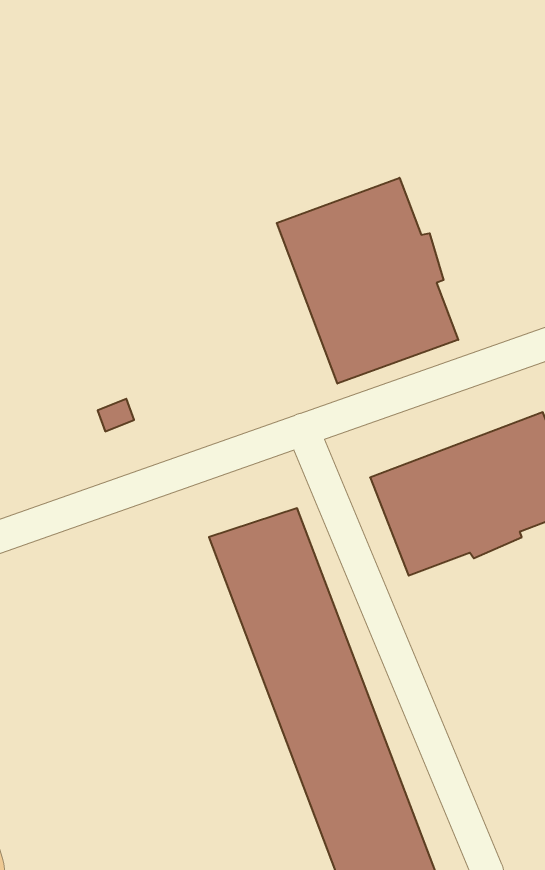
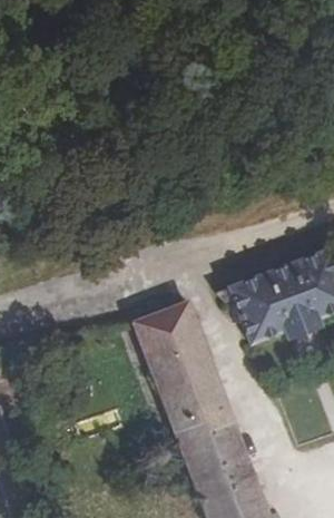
building: [277,178,458,384] -> none

